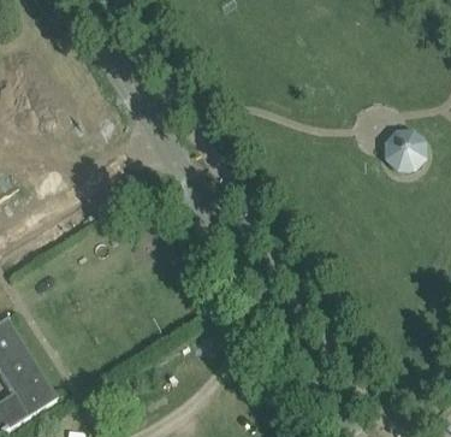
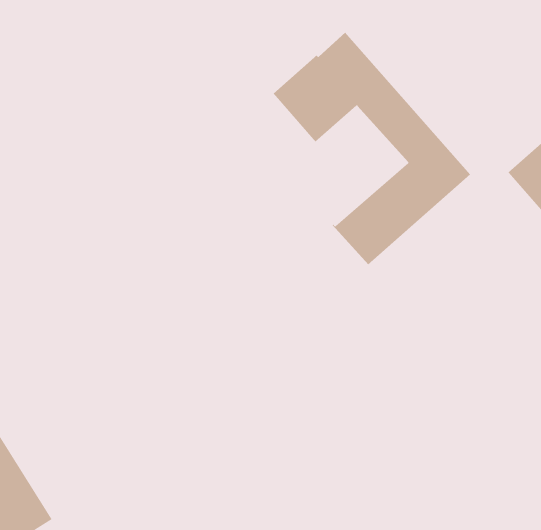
building: none -> [273,32,471,265]

